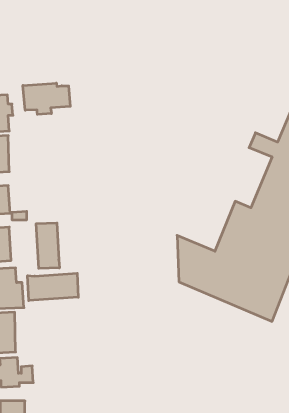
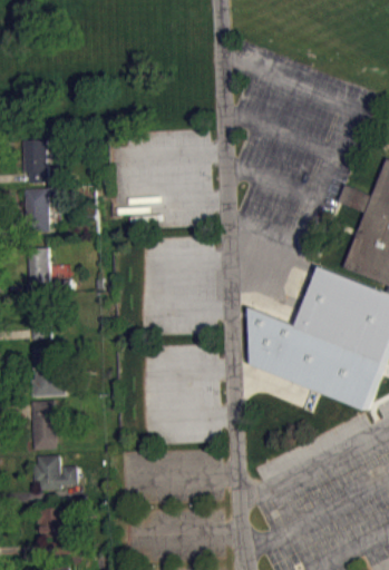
building: [23,83,70,114] -> none
building: [36,223,59,268] -> none
building: [28,273,78,301] -> none

